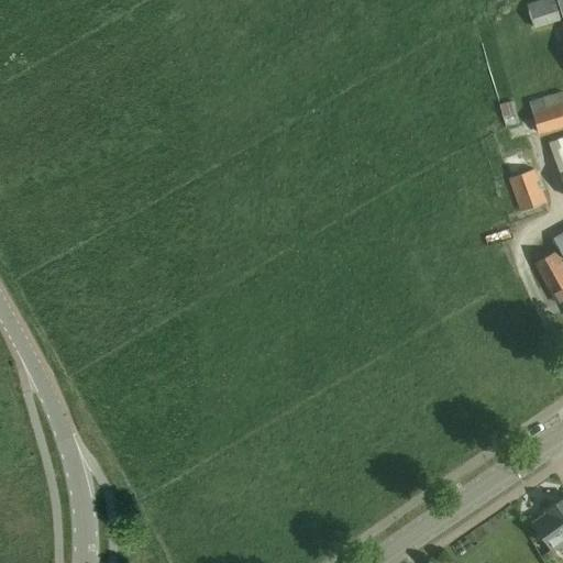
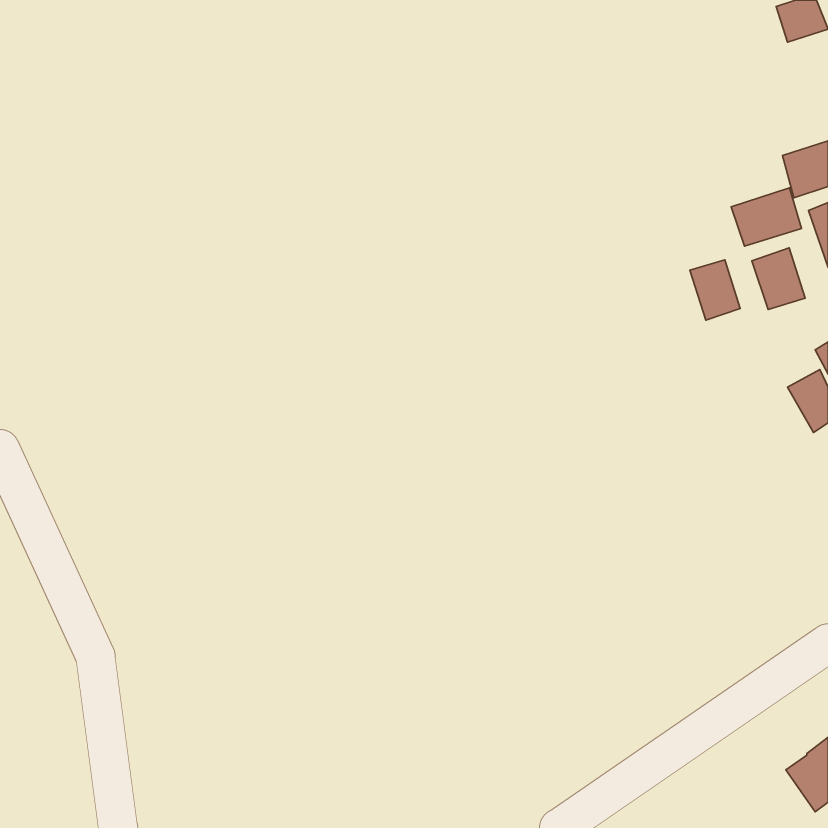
building: none -> [731,188,802,246]
building: none -> [690,260,740,320]

